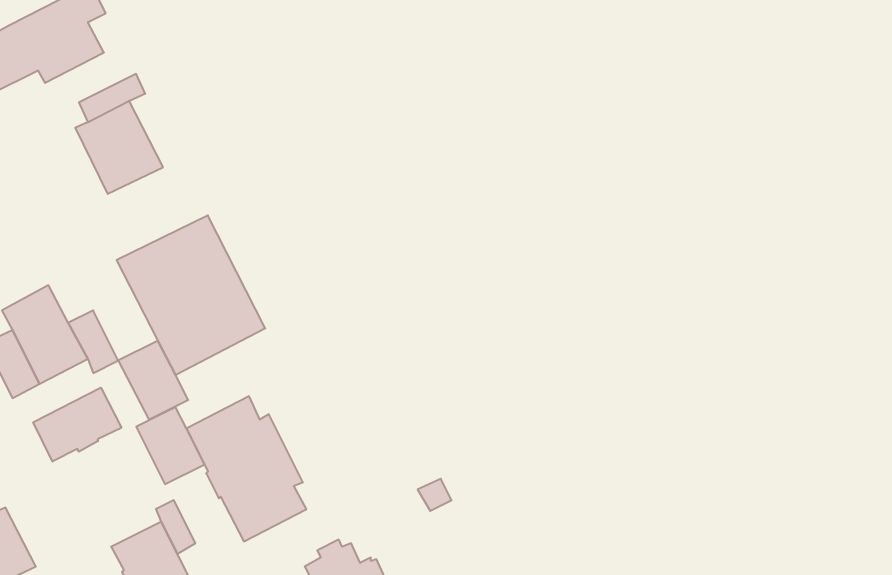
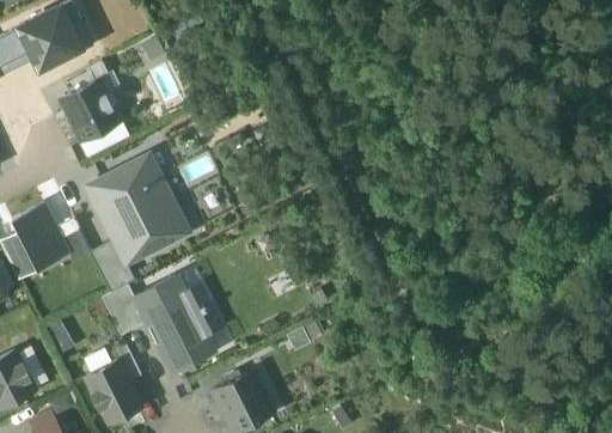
building: [33,388,121,462] -> none

